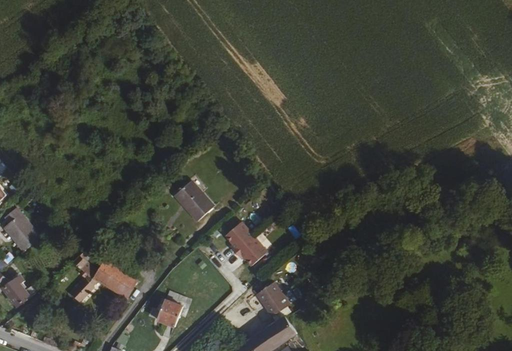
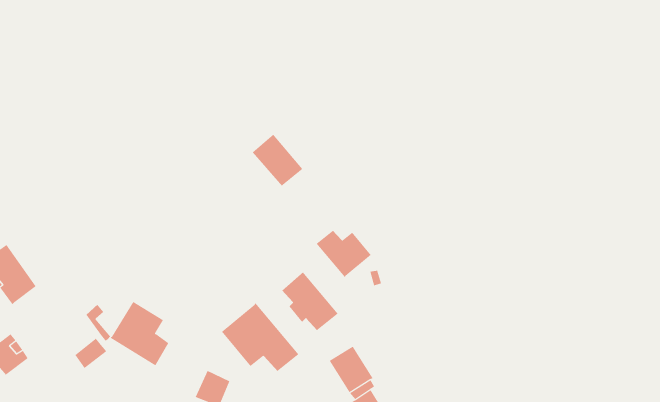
building: [179,183,217,222] -> [252,134,303,186]
building: none -> [316,230,371,278]
building: none -> [221,302,299,372]

